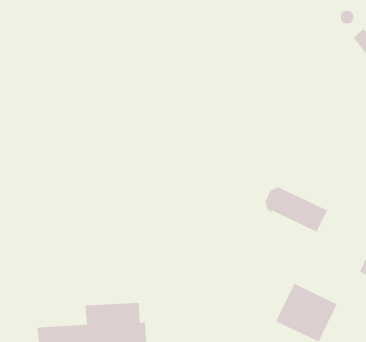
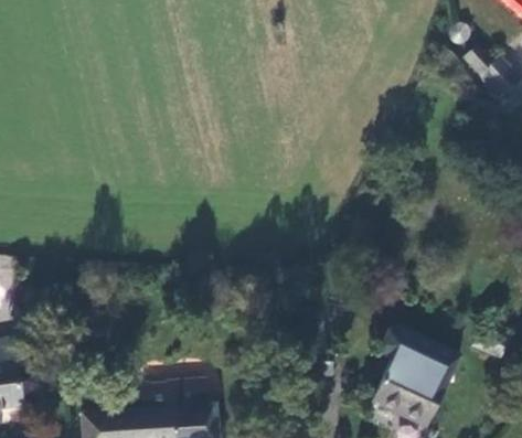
building: [264,187,328,233] -> [384,333,461,389]

